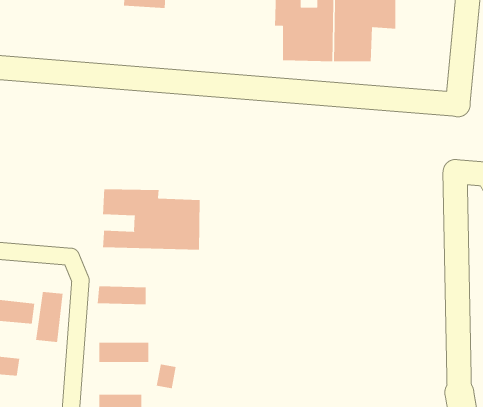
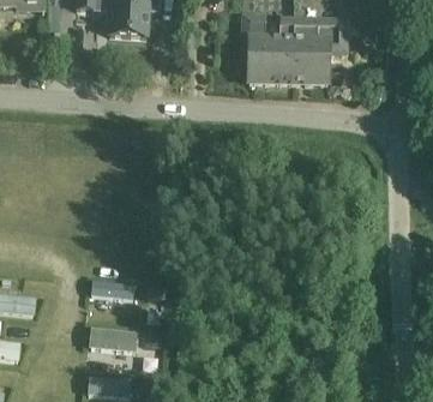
building: [103,189,200,251] -> none
building: [35,291,63,343] -> none

